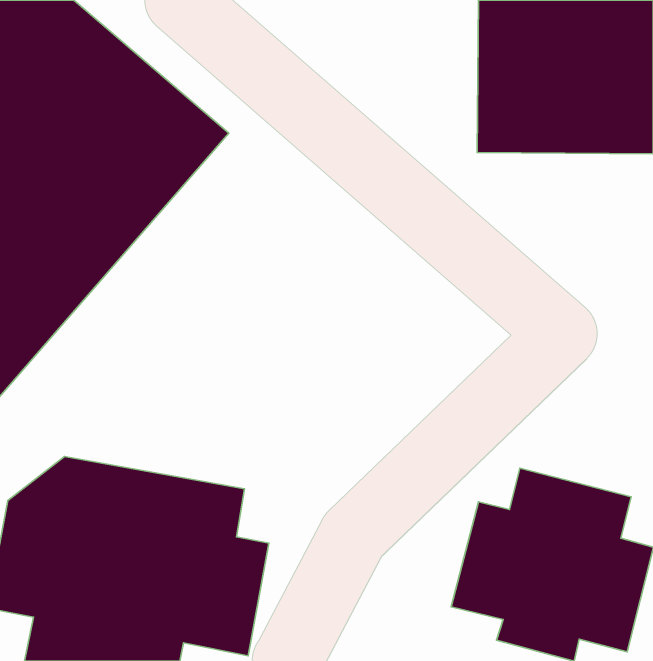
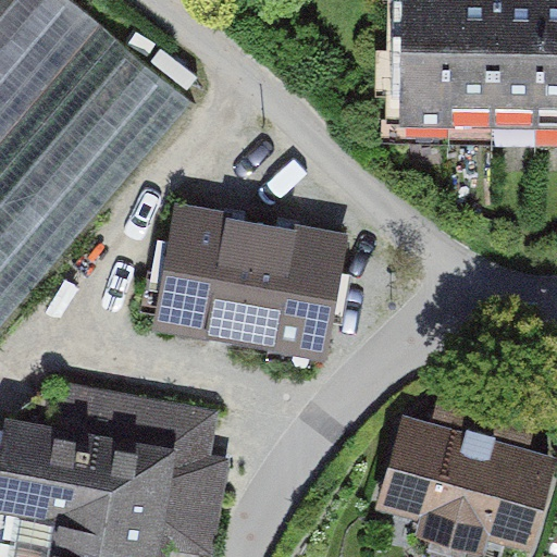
building: none -> [154,209,334,336]

